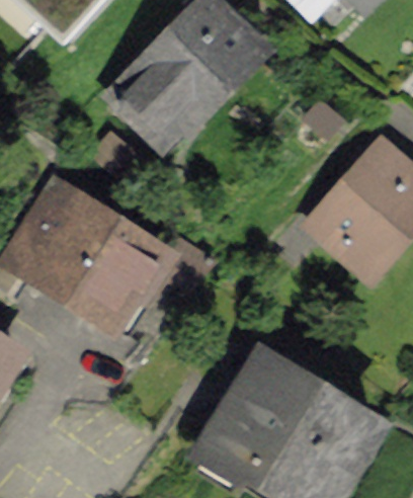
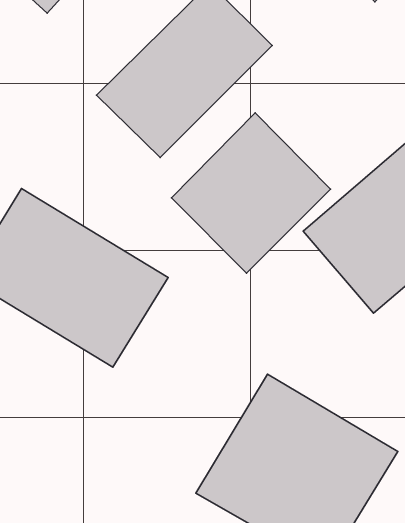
building: none -> [171,113,331,273]

